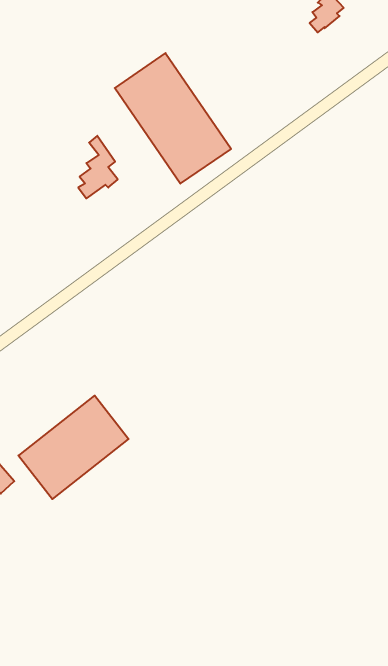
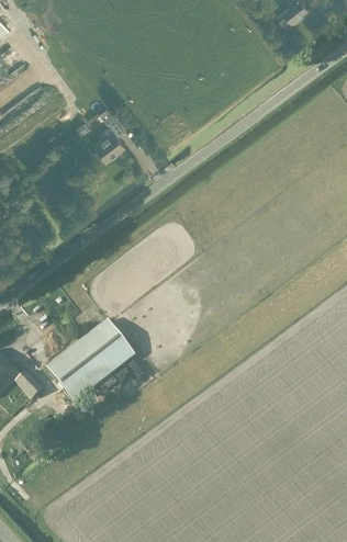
building: [115,53,231,184] -> none

